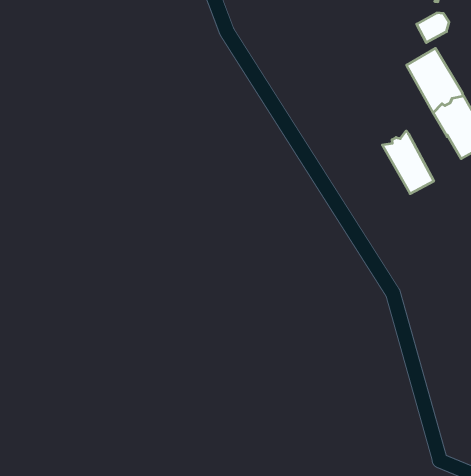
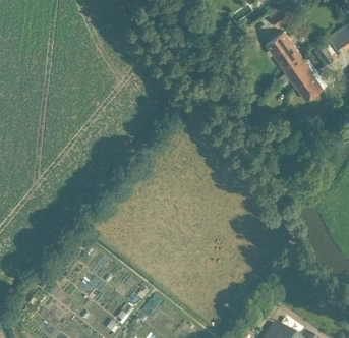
building: [382,131,434,194] -> none

